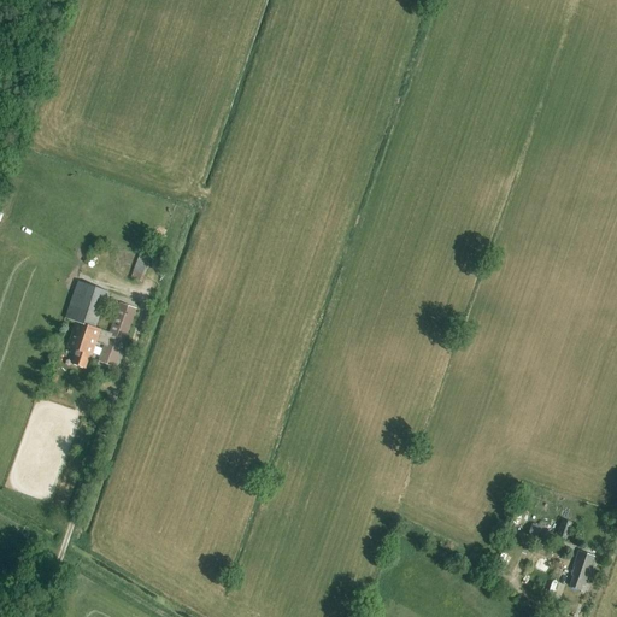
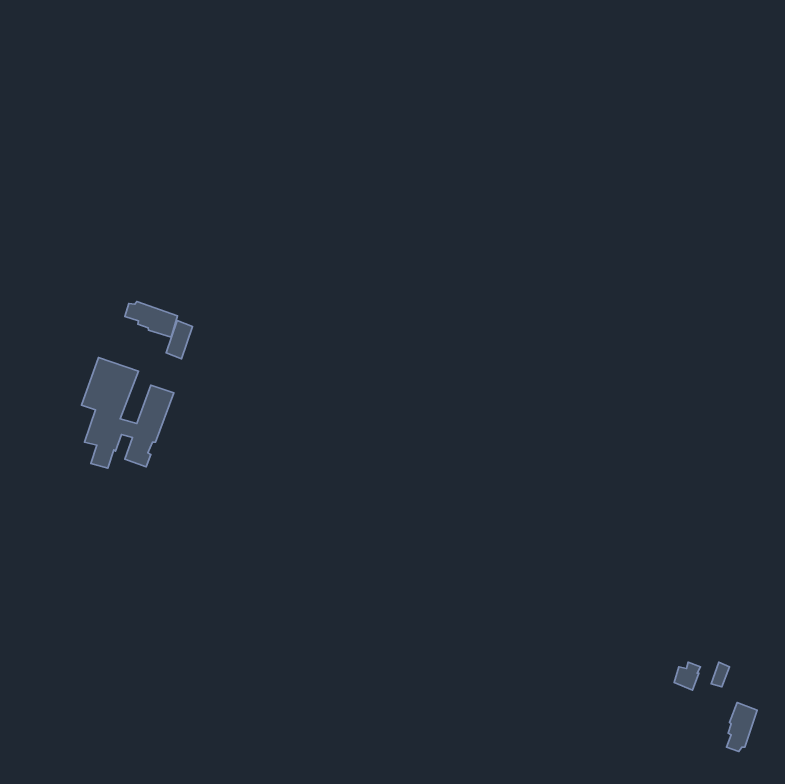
building: none -> [125,302,177,337]

